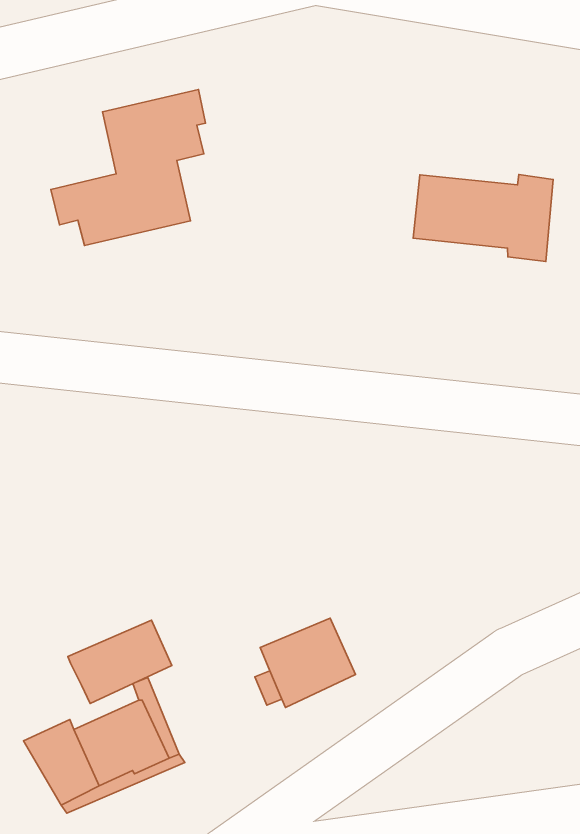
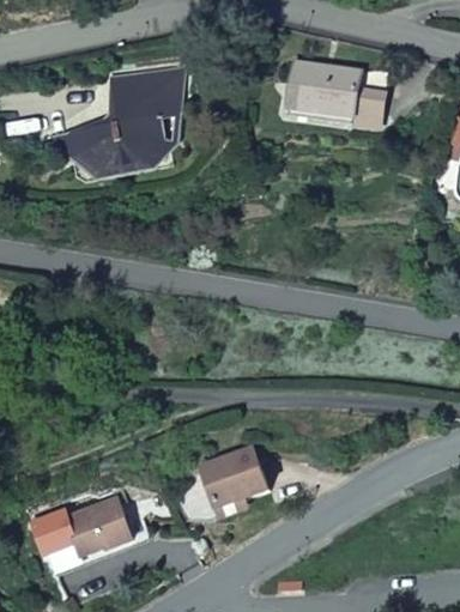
building: [413,175,553,262] -> [286,62,387,128]
building: [68,620,172,703] -> none

